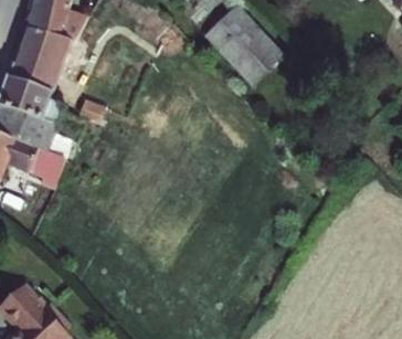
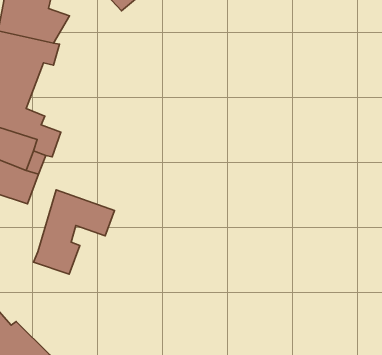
building: [211,10,288,89] -> none
building: none -> [34,190,115,274]

